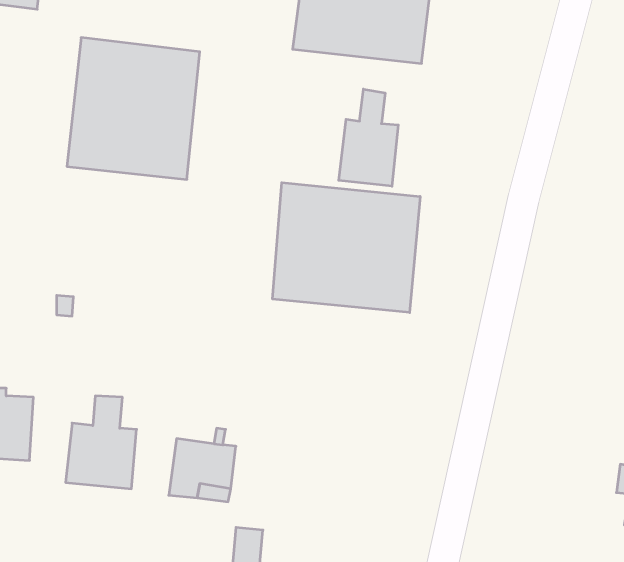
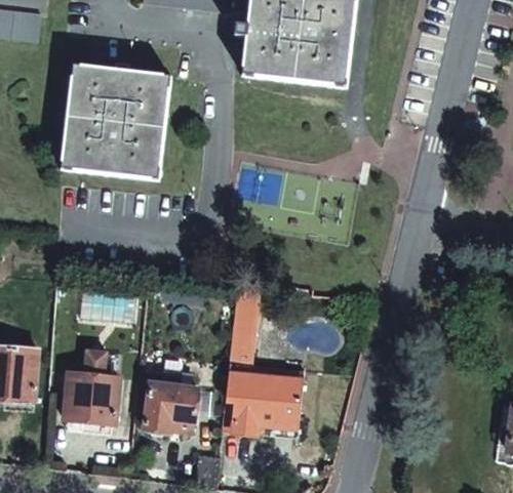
building: [339,89,398,186] -> none
building: [273,183,420,313] -> none
building: none -> [223,313,303,432]

